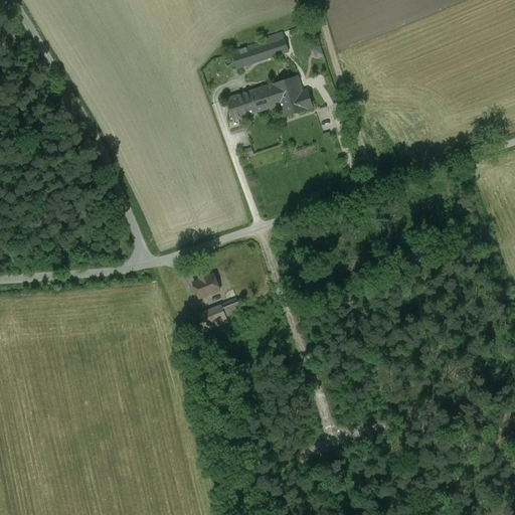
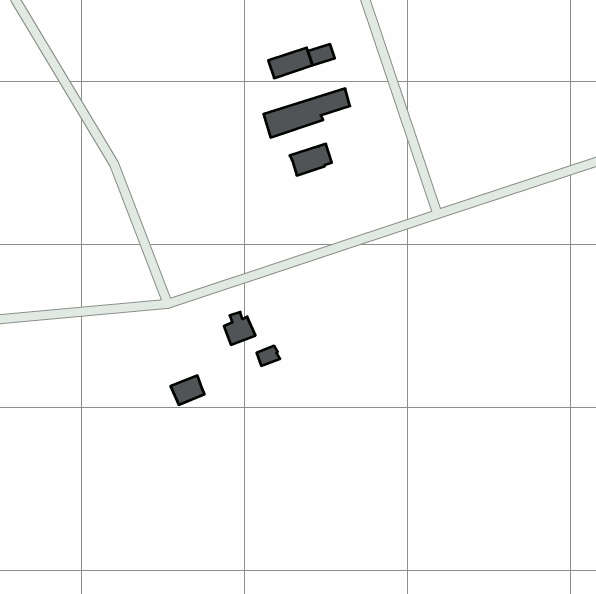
building: [277,90,313,117] -> [290,144,332,175]
building: [198,305,227,330] -> [171,376,204,405]

